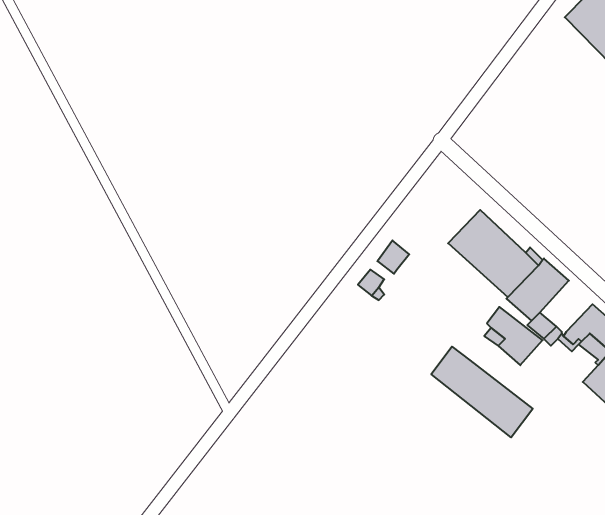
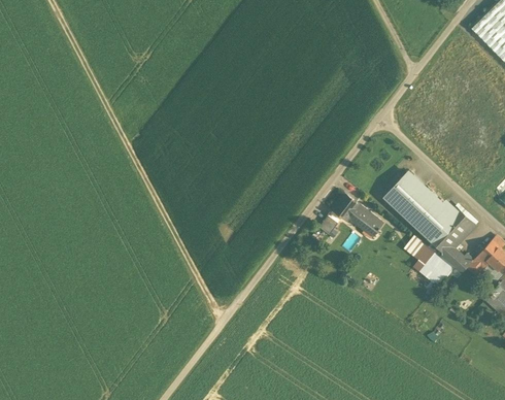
building: none -> [347,204,382,235]
building: [431,347,533,437] -> none

